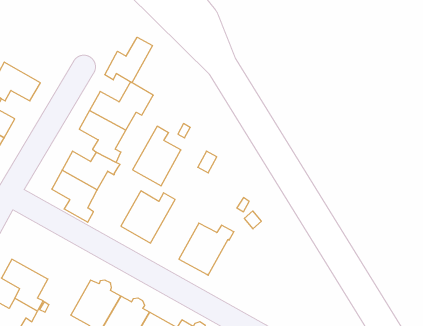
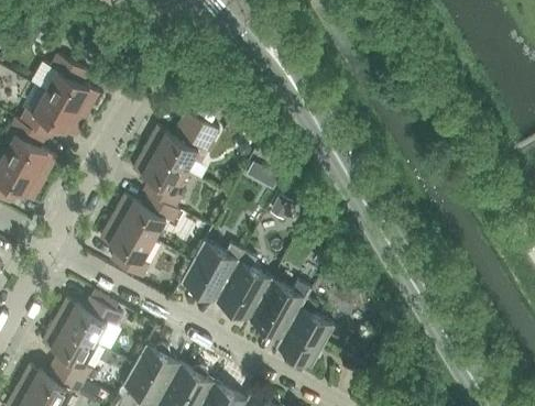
building: none -> [45,54,99,116]
building: [105,37,152,83] -> none
building: [133,126,181,186] -> [215,251,271,320]
building: none -> [275,297,335,369]
building: none -> [54,298,121,343]

